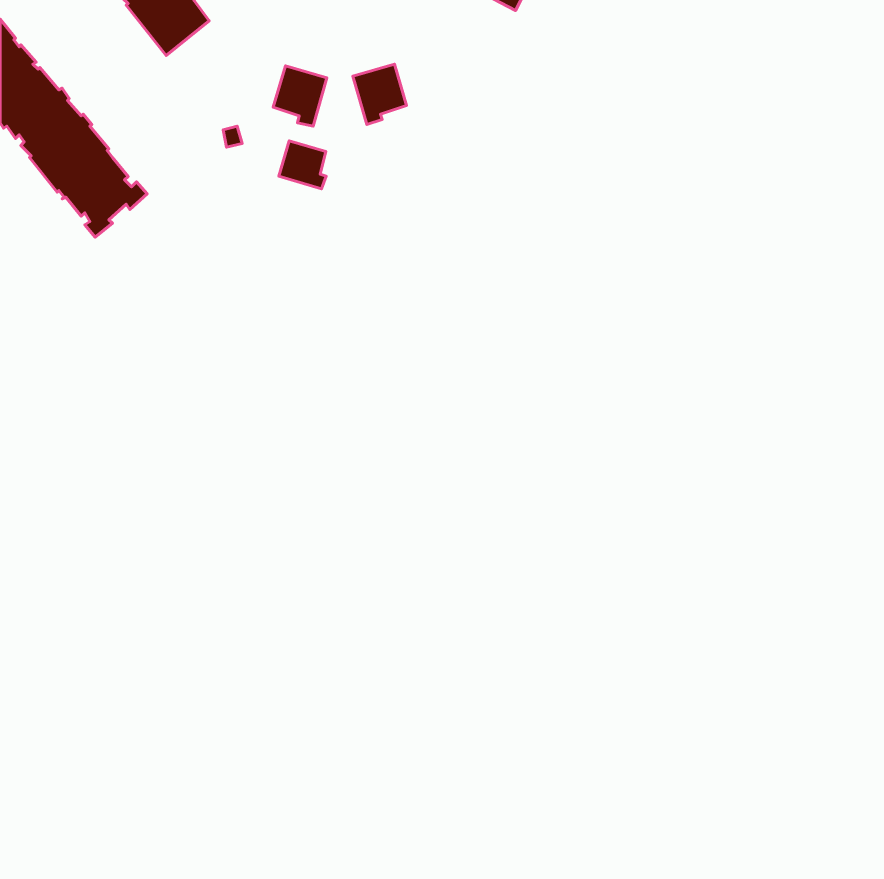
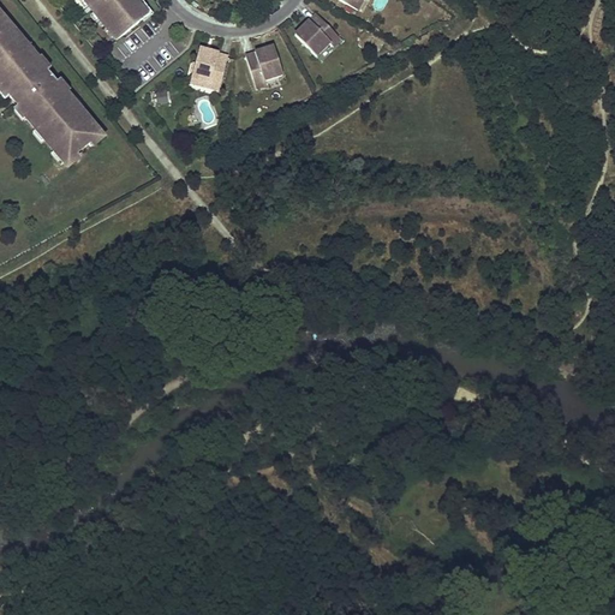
building: none -> [294,12,340,54]
building: [279,141,326,189] -> none

